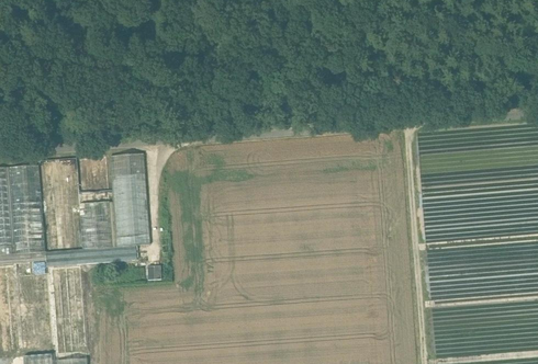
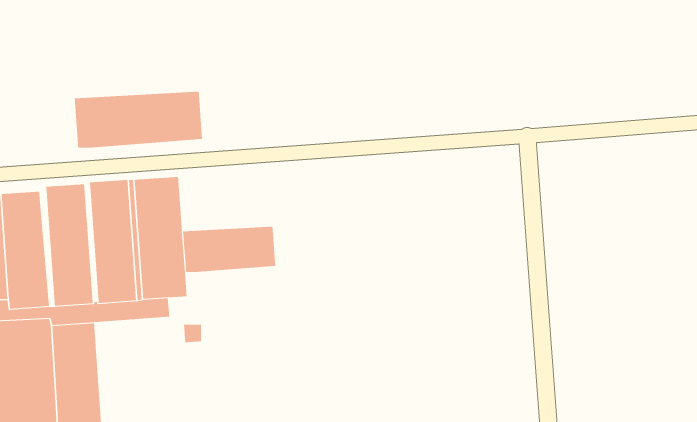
building: none -> [74,91,203,148]
building: none -> [183,226,276,273]

